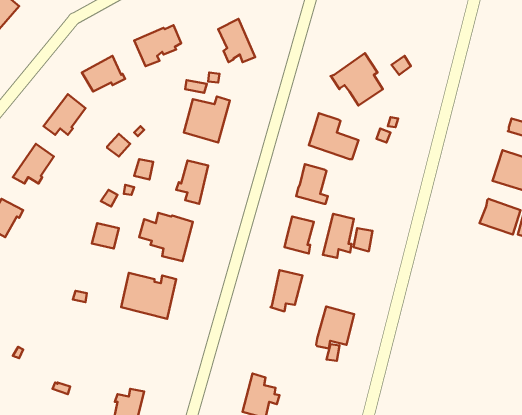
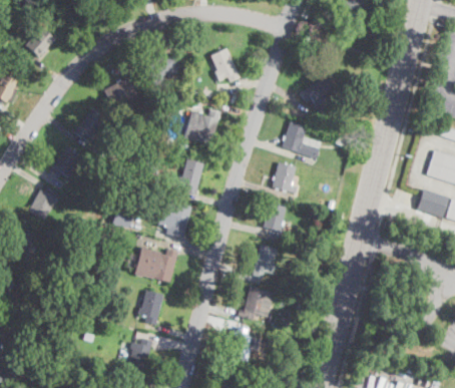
building: [323,214,354,258] -> none
building: [316,306,354,349] -> [244,287,274,320]
building: none -> [138,291,163,325]

